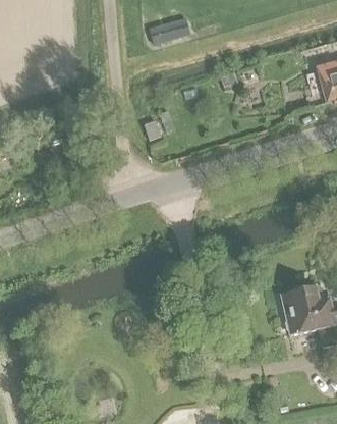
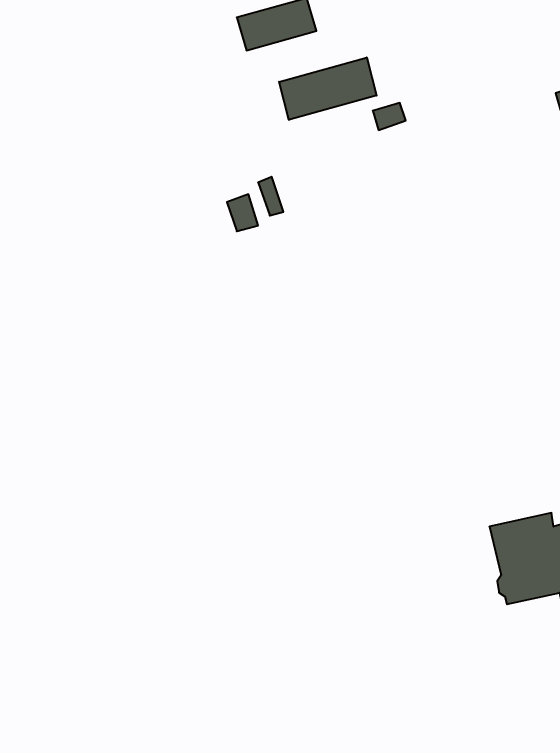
building: none -> [279,57,377,120]

